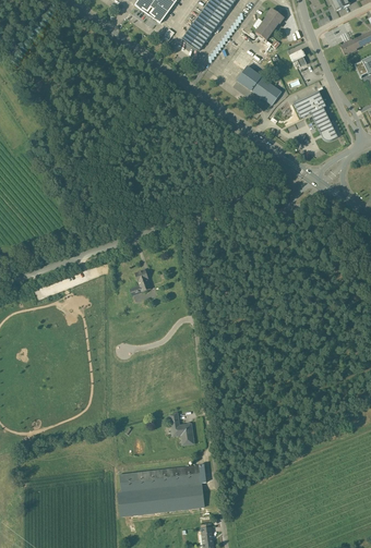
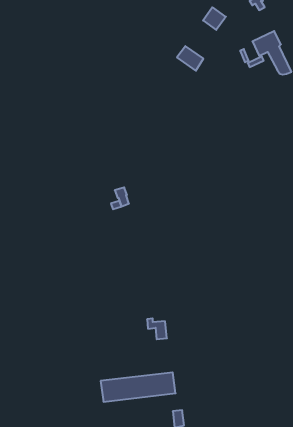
building: [251,75,282,103] -> [177,46,203,71]
building: [119,465,201,491] -> none

